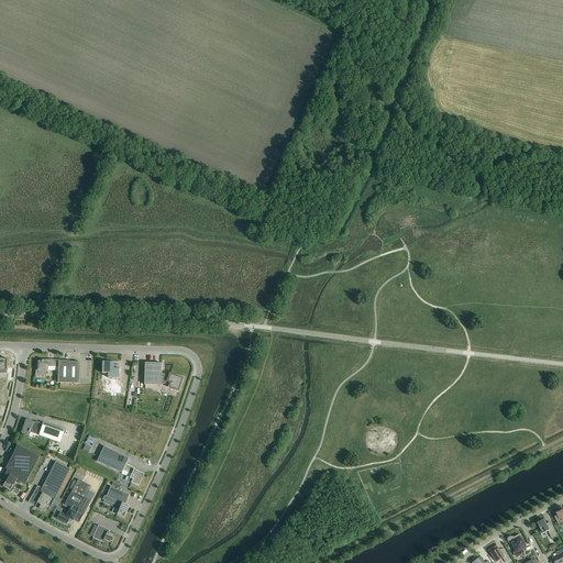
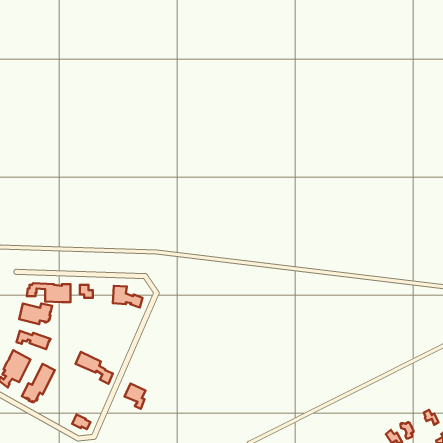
building: none -> [19,303,52,324]
building: [55,478,90,523] -> none
building: [102,485,129,517] -> [124,384,145,409]

